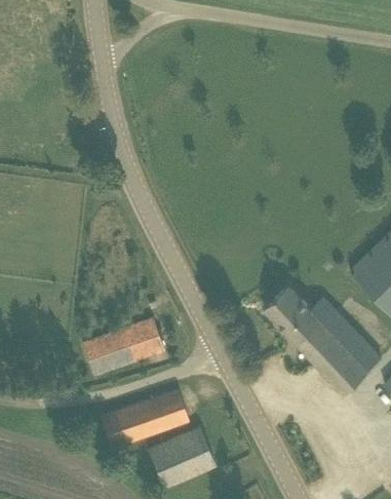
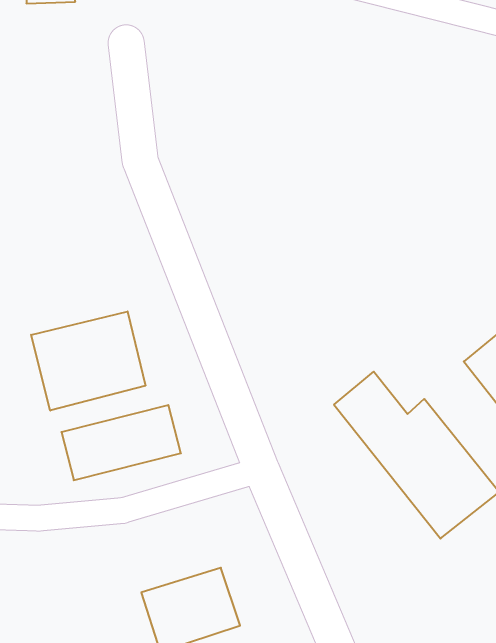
building: none -> [31,311,145,411]
building: [101,390,189,449] -> none

